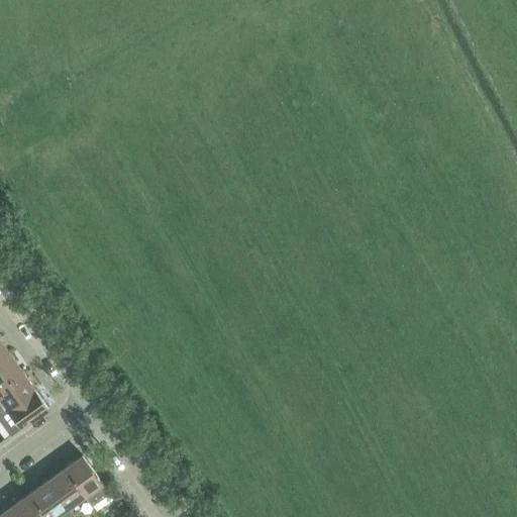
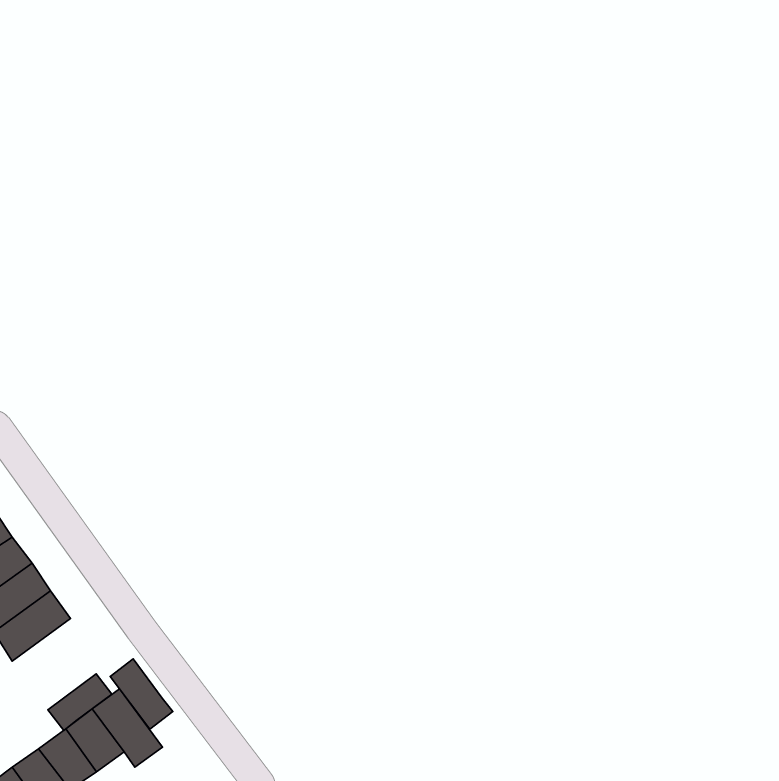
building: none -> [110,659,173,729]
building: none -> [48,674,112,730]

